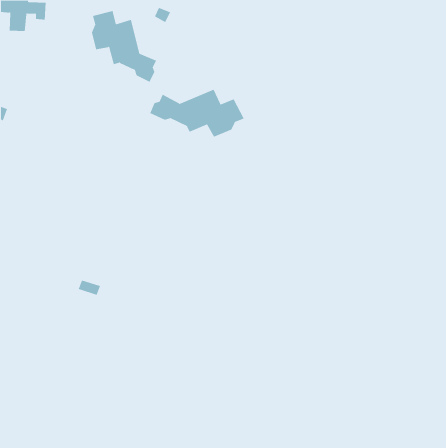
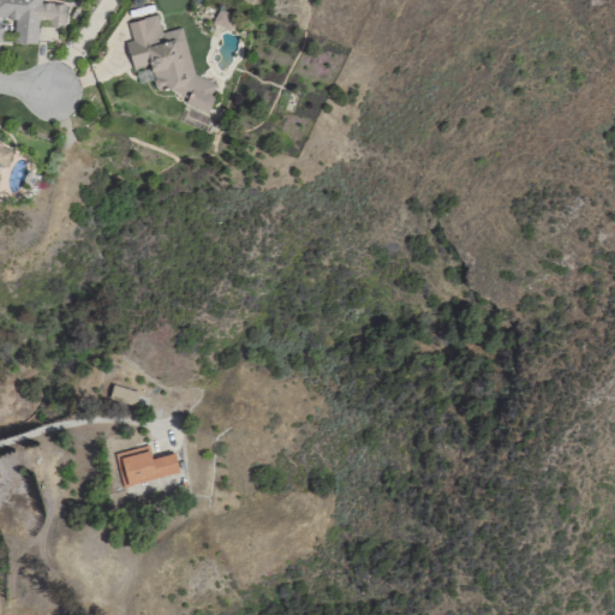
building: [149,89,244,138] -> none
building: none -> [115,444,180,485]

